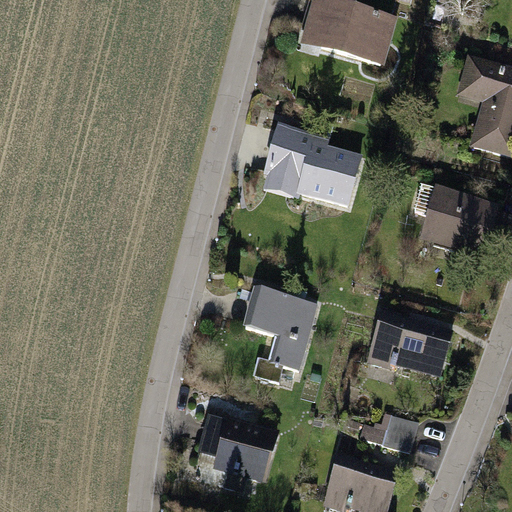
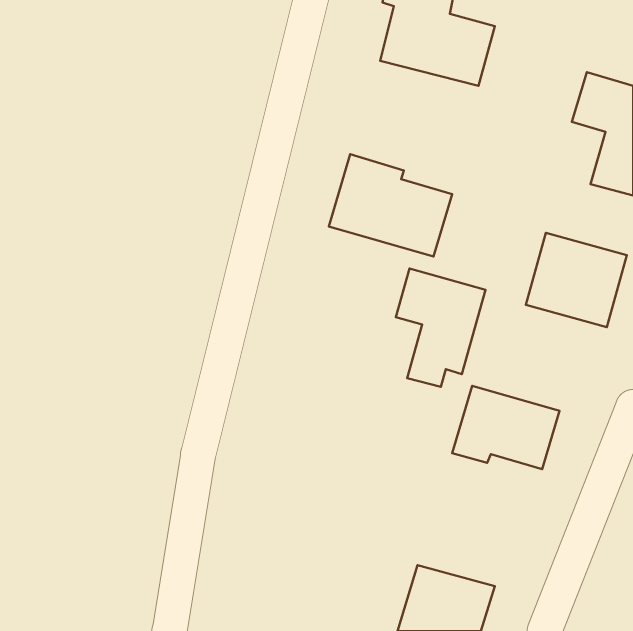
building: [245,285,317,380] -> [396,269,486,387]
building: [361,410,417,449] -> none
building: [200,413,279,492] -> none

